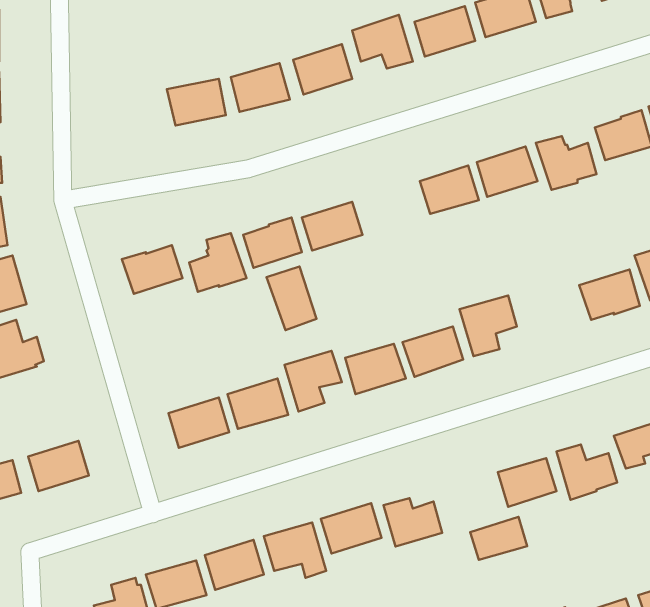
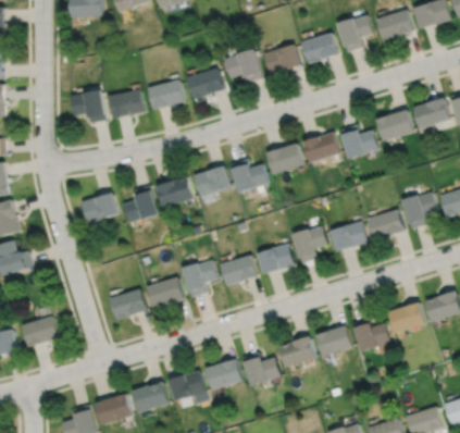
building: none -> [70,91,105,124]
building: none -> [231,160,268,195]
building: [266,266,316,330] -> none
building: none -> [330,222,368,253]
building: [470,517,527,560] -> [278,338,314,366]

